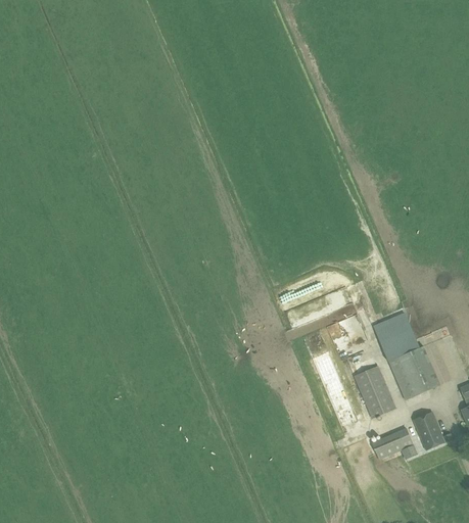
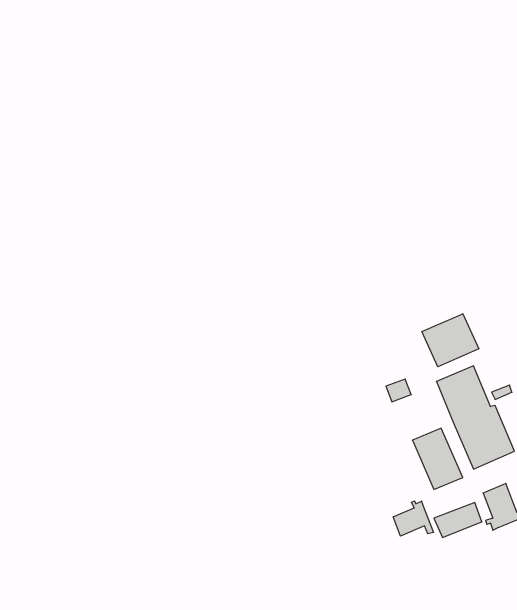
building: none -> [422,314,479,367]
building: none -> [393,501,434,536]

